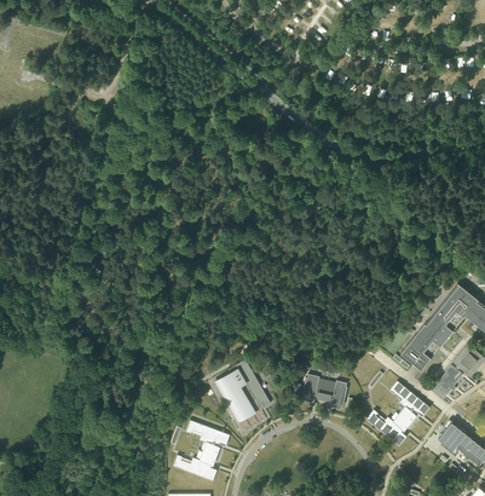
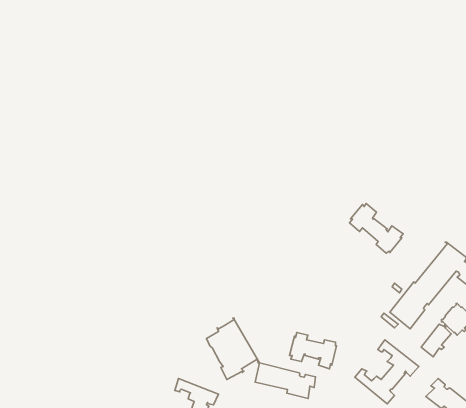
building: none -> [349,204,403,253]
building: none -> [255,363,316,399]

